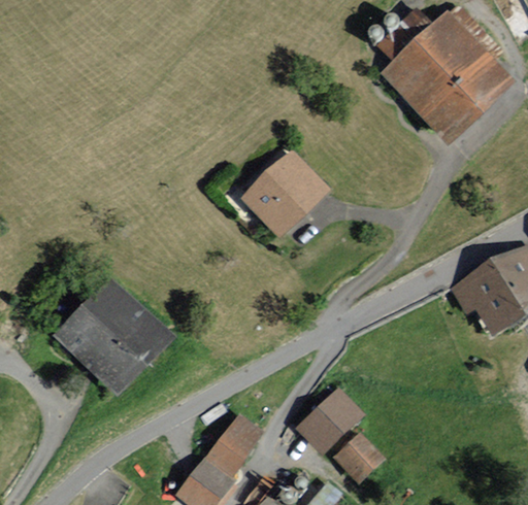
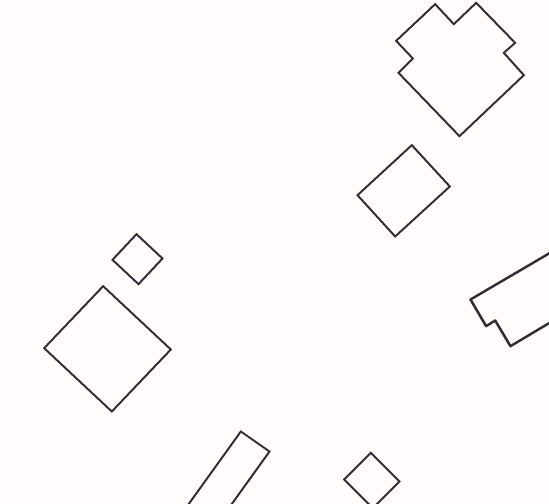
building: [243,149,329,234] -> [357,145,450,236]
building: none -> [113,234,162,284]
building: [299,384,368,453] -> none

